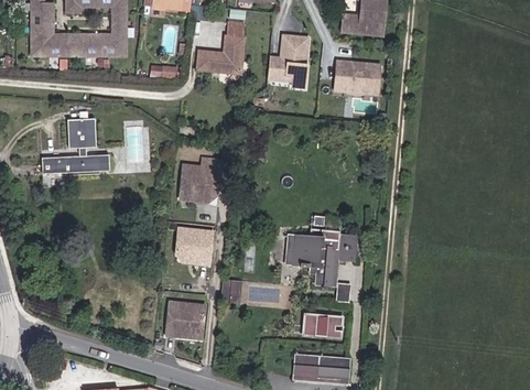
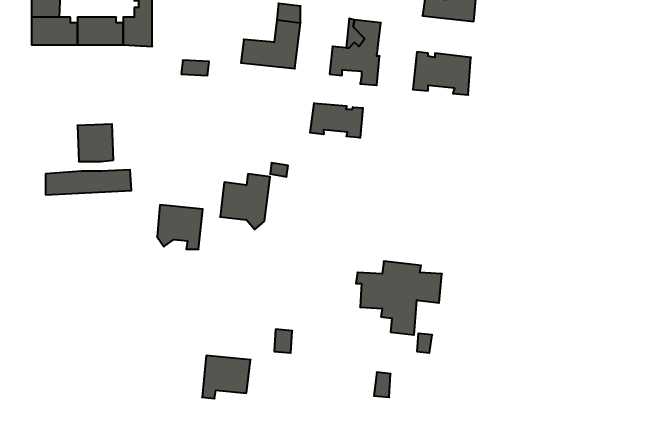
building: none -> [310,103,363,138]
building: [176,228,213,263] -> [157,205,203,249]
building: [315,316,343,337] -> none

